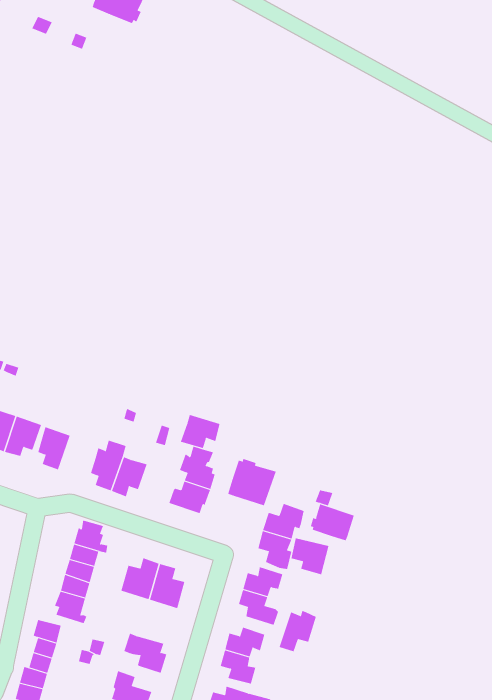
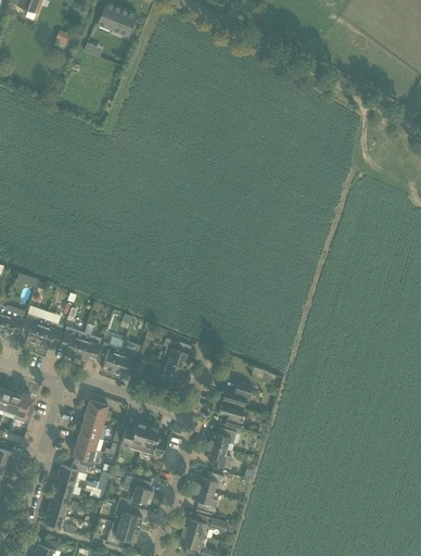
building: [180,414,220,449] -> none
building: none -> [75,332,101,362]
building: [228,458,276,506] -> none
building: [310,503,355,541] -> none
building: [291,537,329,575] -> none
building: [279,610,316,652] -> none

